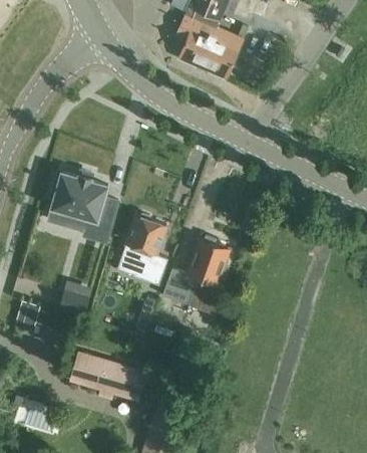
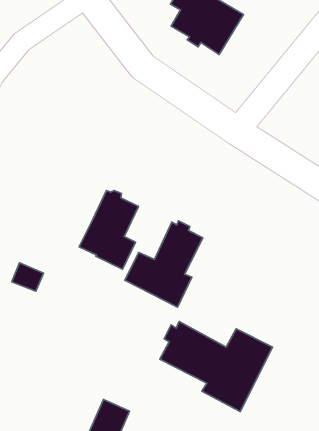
building: [49,174,117,244] -> none
building: none -> [160,322,273,412]
building: [68,352,146,401] -> none

